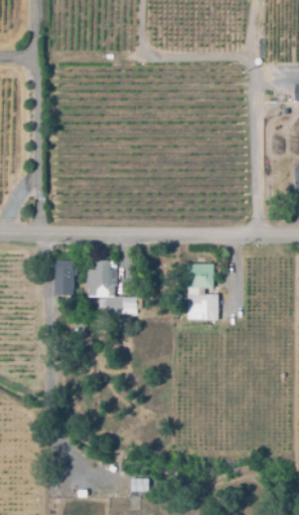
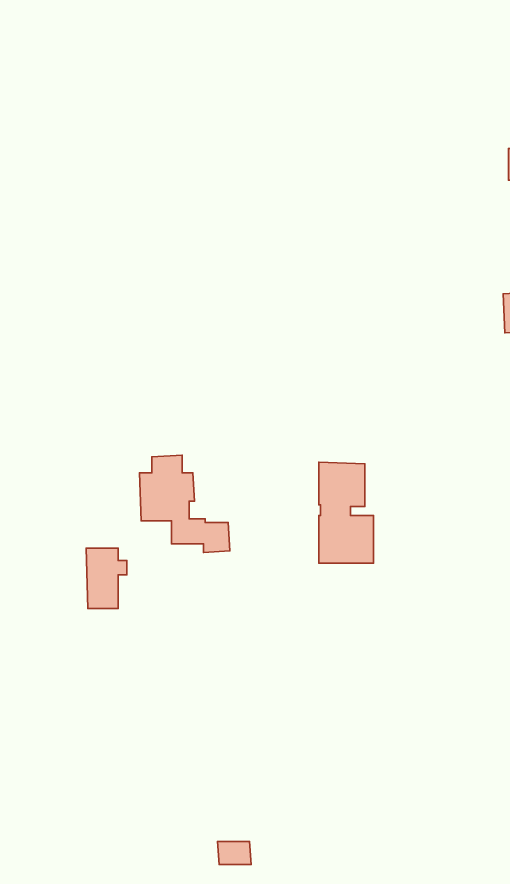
building: [54,260,78,294] -> [86,548,127,608]

